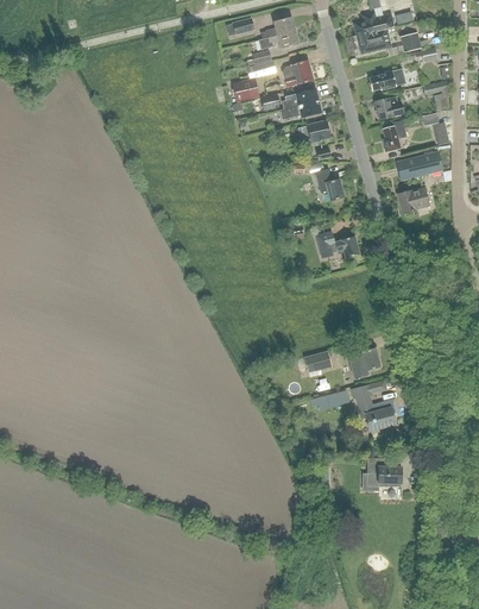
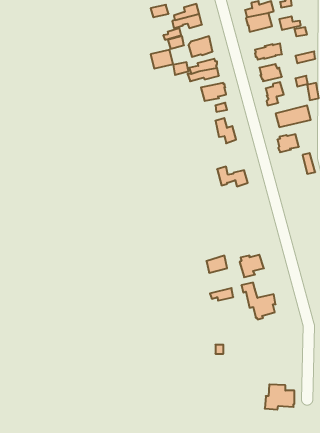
building: [361,458,401,491] -> [265,384,294,410]

